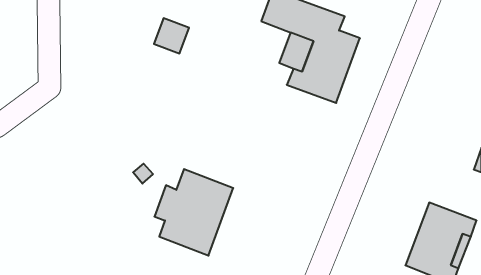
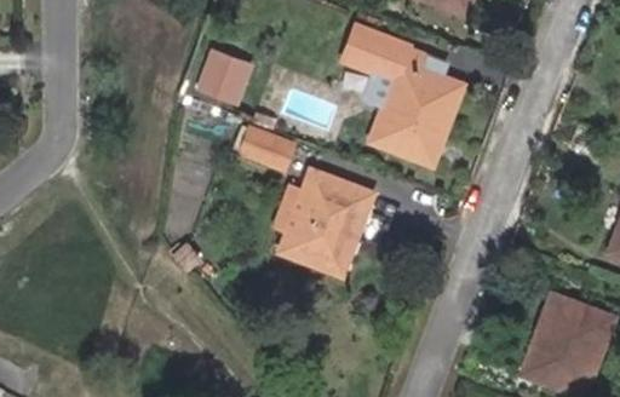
building: none -> [240,126,295,172]
building: [154,169,233,256] -> [274,167,374,277]

